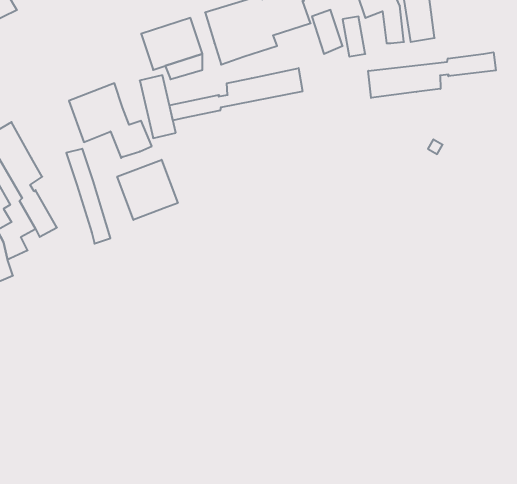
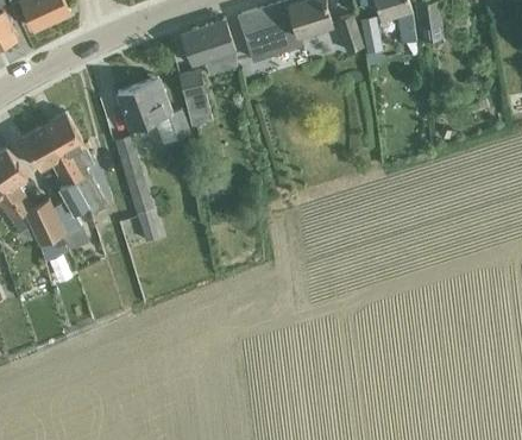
building: [368,52,496,98] -> none
building: [170,68,302,121] -> none
building: [117,160,178,220] -> none

